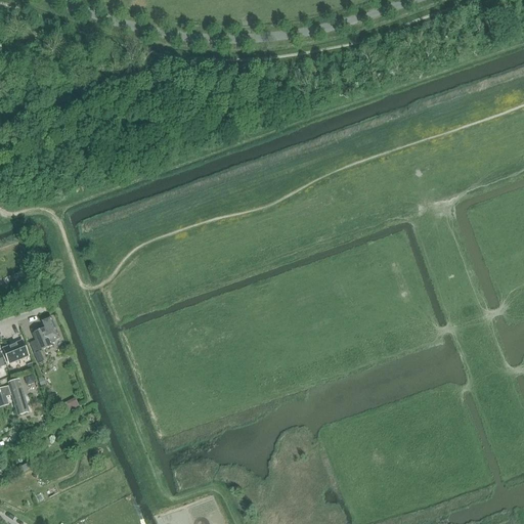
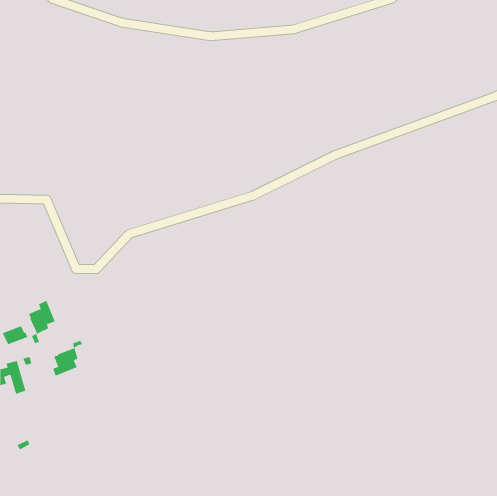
building: none -> [53,340,83,376]

